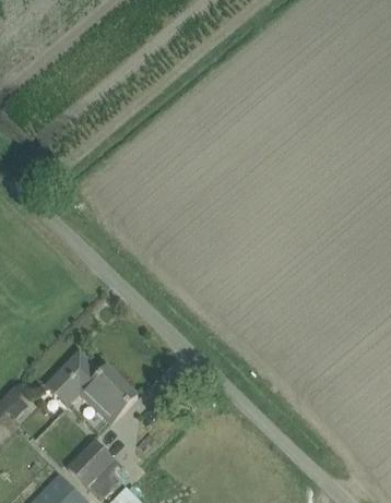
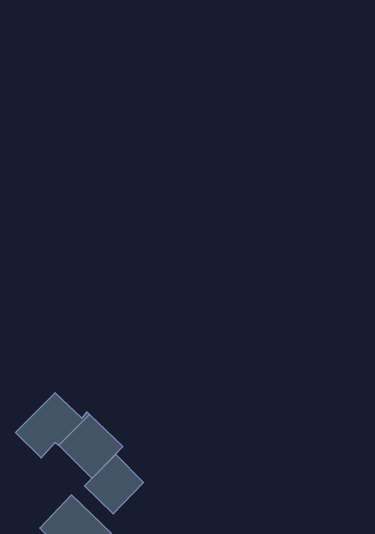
building: none -> [84,455,143,514]

